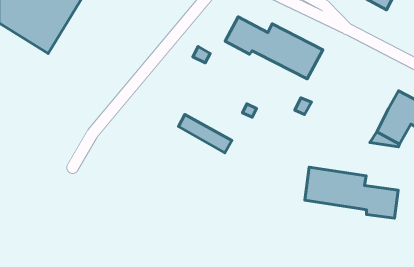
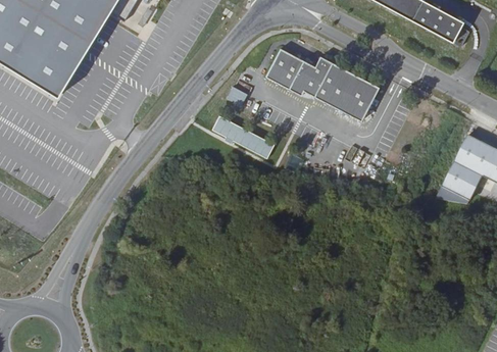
building: [179,114,232,153] -> [213,114,276,159]
building: [305,167,398,218] -> none

